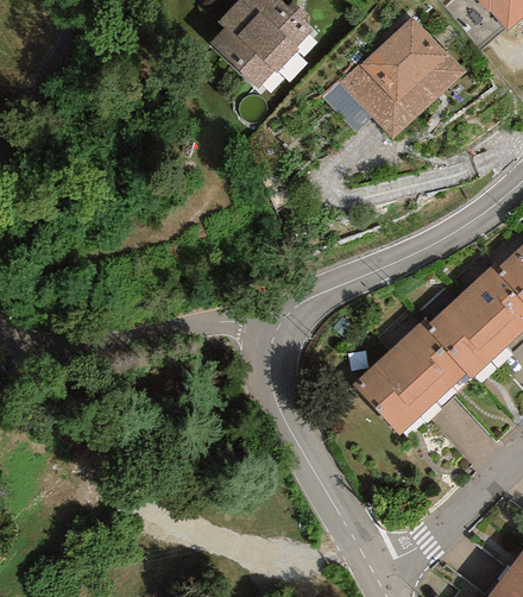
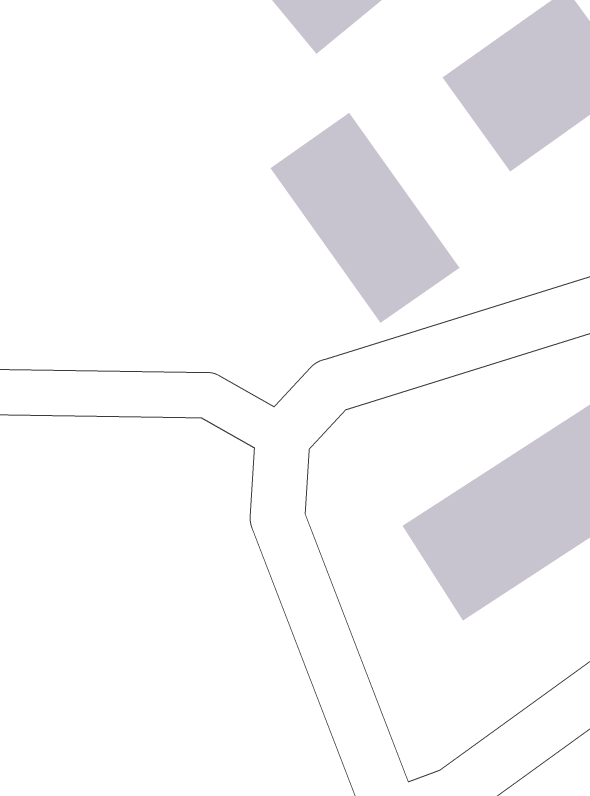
building: none -> [269,112,460,324]

